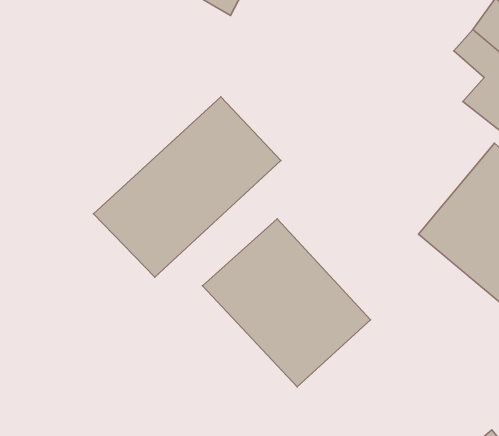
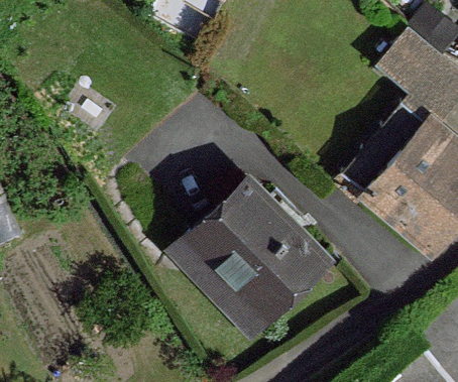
building: [93,97,281,277] -> none

